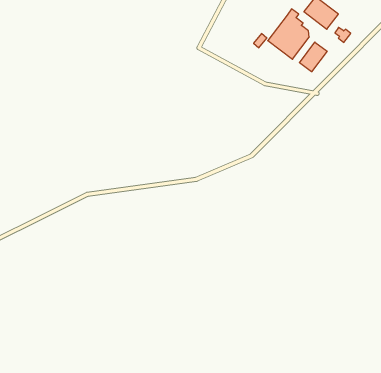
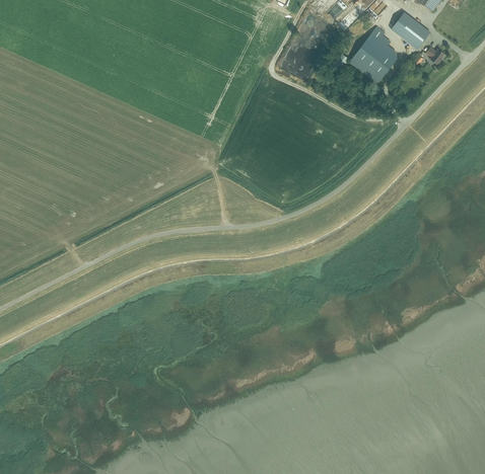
building: [299,42,327,72] -> none

